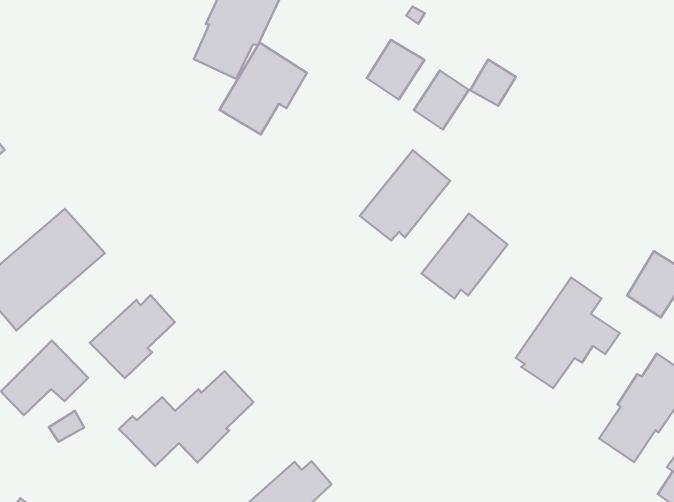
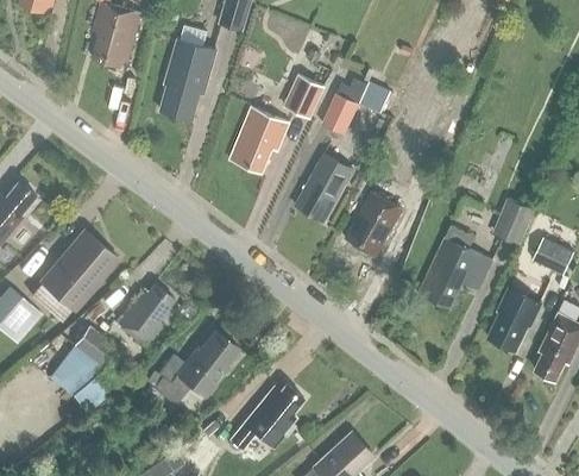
building: [219,42,307,135] -> [229,107,288,173]

